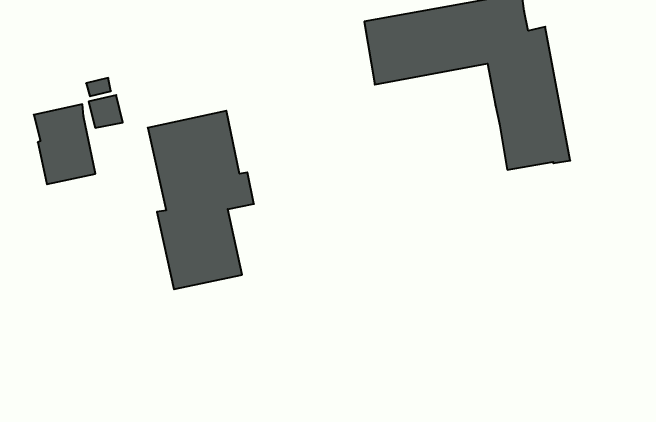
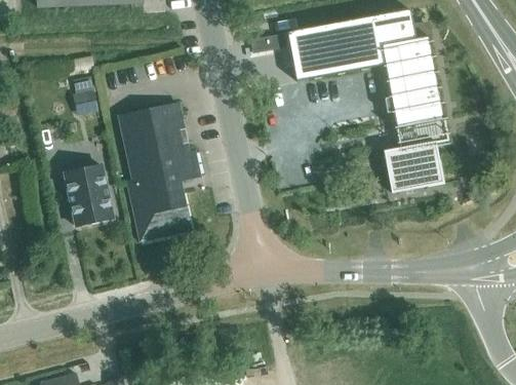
building: [34,104,95,184] -> [65,163,113,226]
building: none -> [384,142,442,192]

